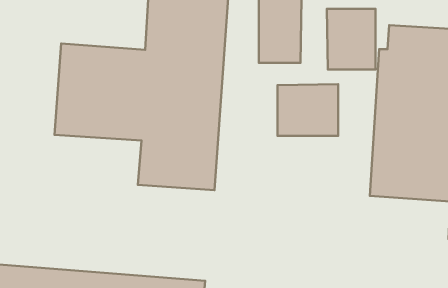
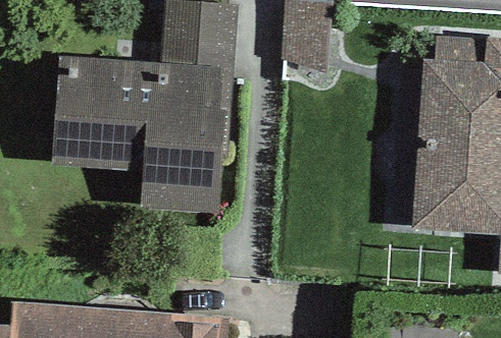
building: [327,9,375,70] -> none
building: [277,84,338,136] -> none

